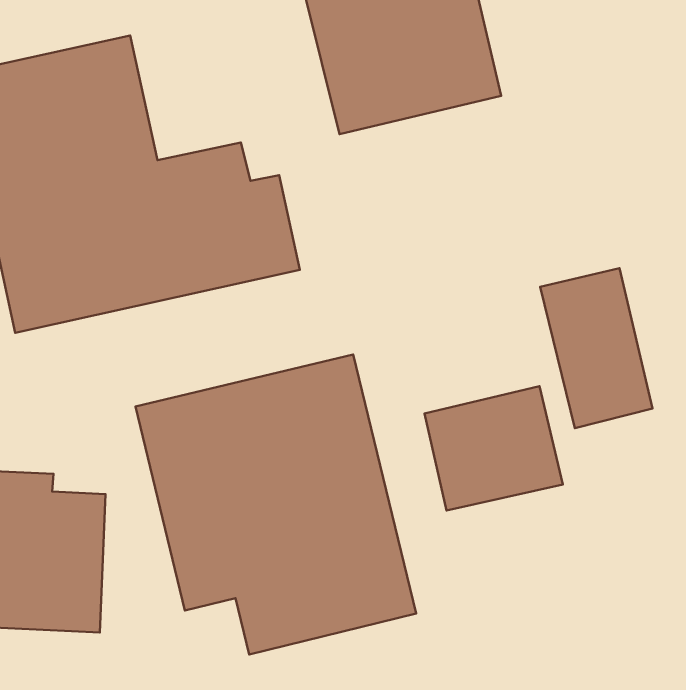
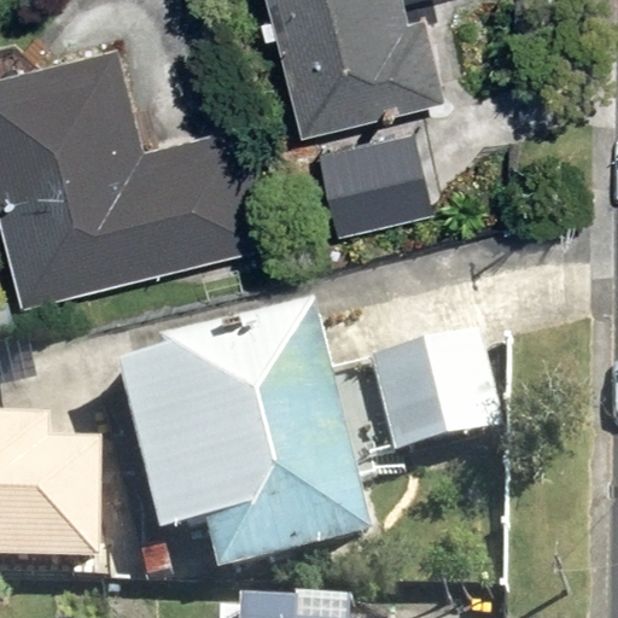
building: none -> [310,109,479,238]
building: [540,268,652,428] -> none

